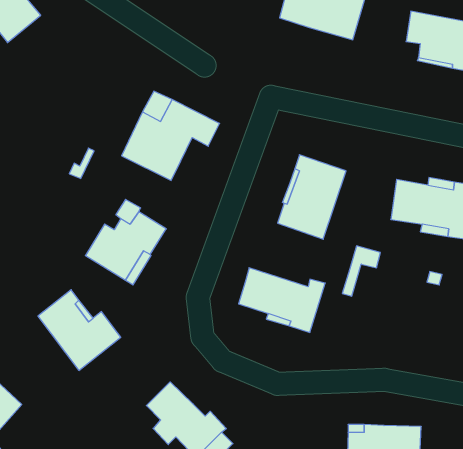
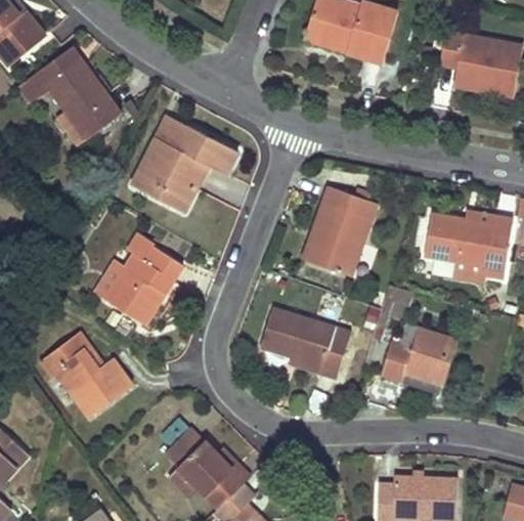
building: none -> [16,45,122,140]
building: none -> [382,324,456,383]

